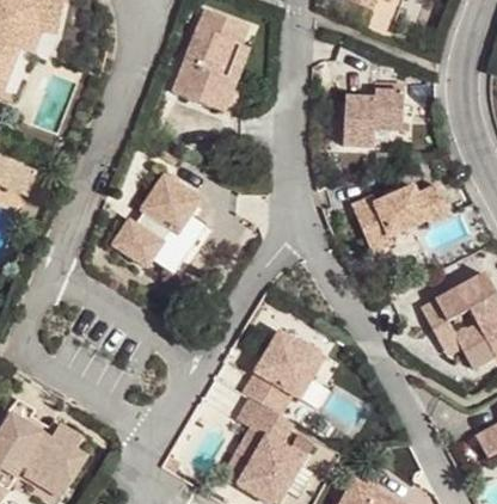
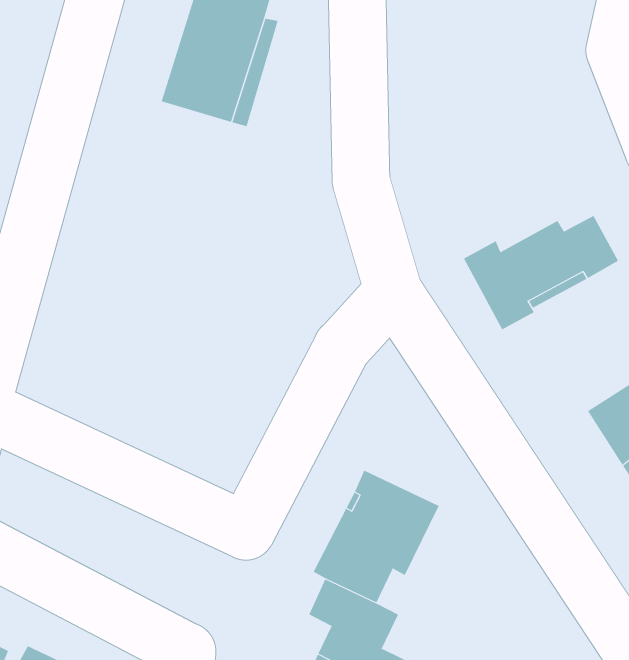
building: [342,90,404,146] -> none
building: [113,176,204,273] -> none

